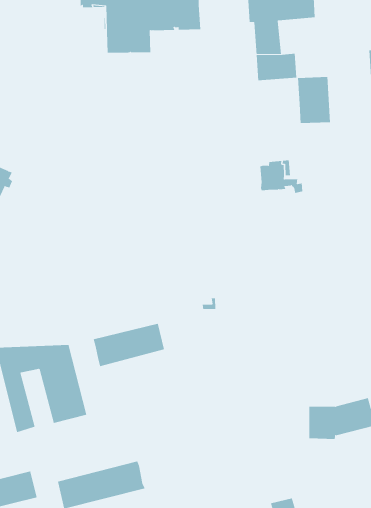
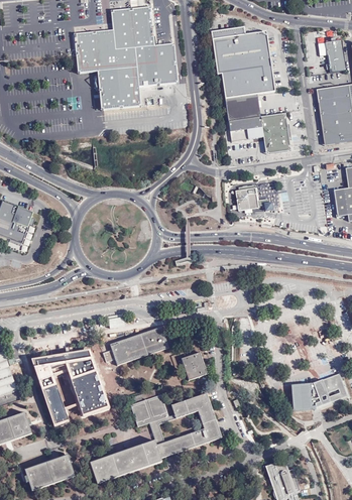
building: none -> [241,66,274,98]
building: none -> [228,116,263,141]
building: none -> [181,352,208,379]
building: none -> [130,389,222,458]

